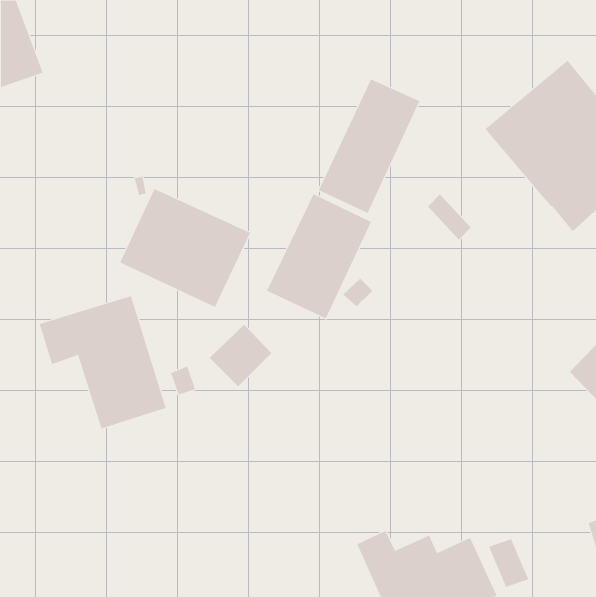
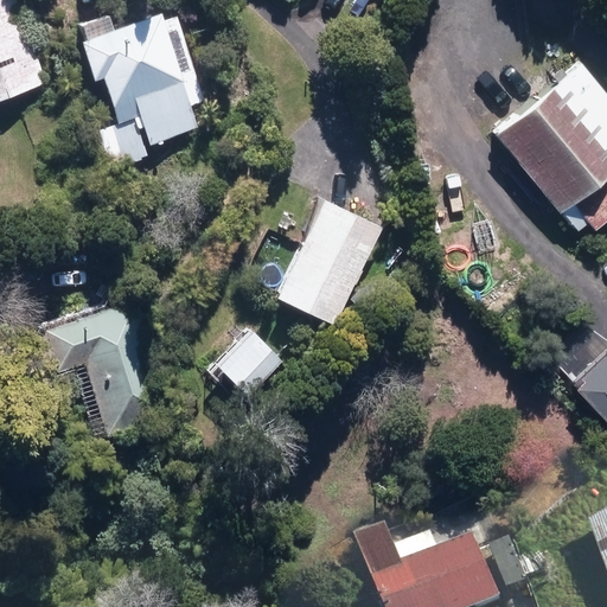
building: none -> [77,12,205,168]
building: [318,78,420,214] -> none
building: [120,188,251,308] -> none

